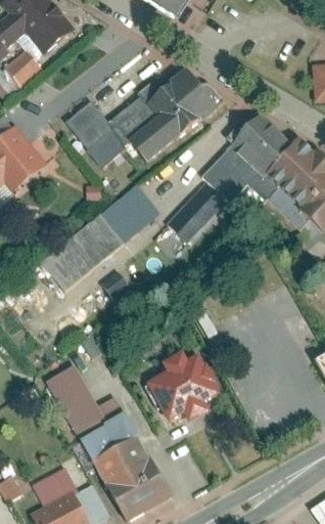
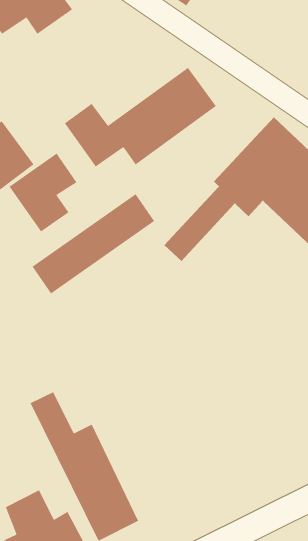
building: [10,47,47,84] -> none
building: none -> [9,153,77,233]
building: [141,353,225,431] -> none

